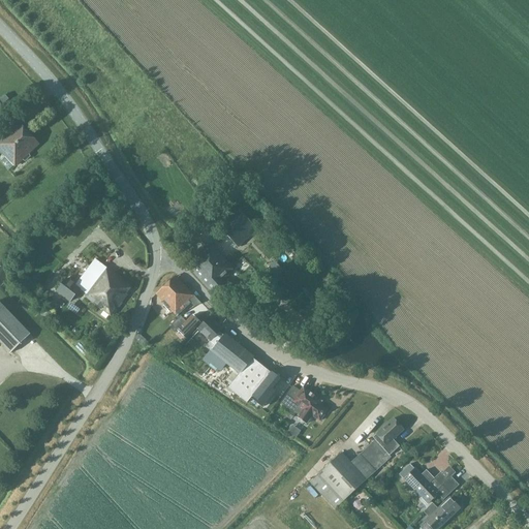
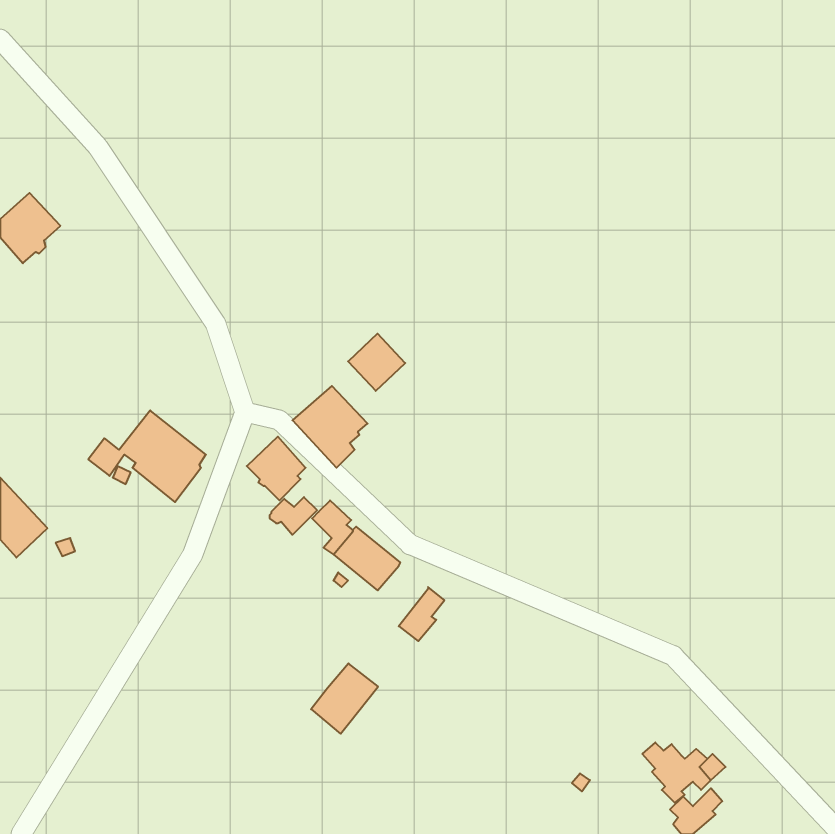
building: [228,357,271,402] -> [311,663,378,734]
building: [280,386,326,424] -> none
building: [309,417,403,508] -> none

